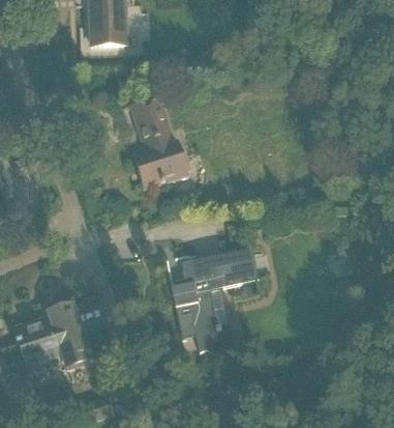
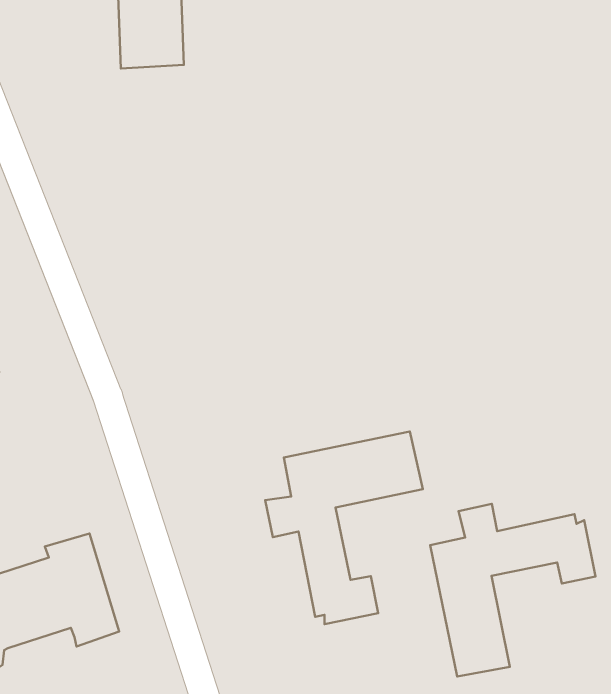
building: [129,95,186,188] -> none
building: none -> [430,504,596,677]

